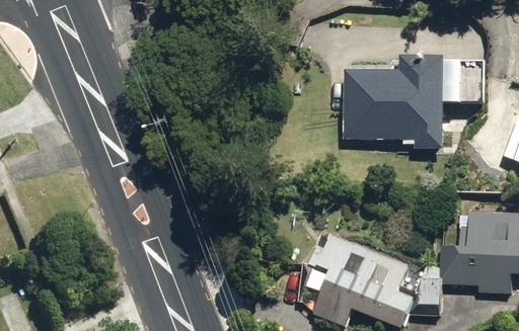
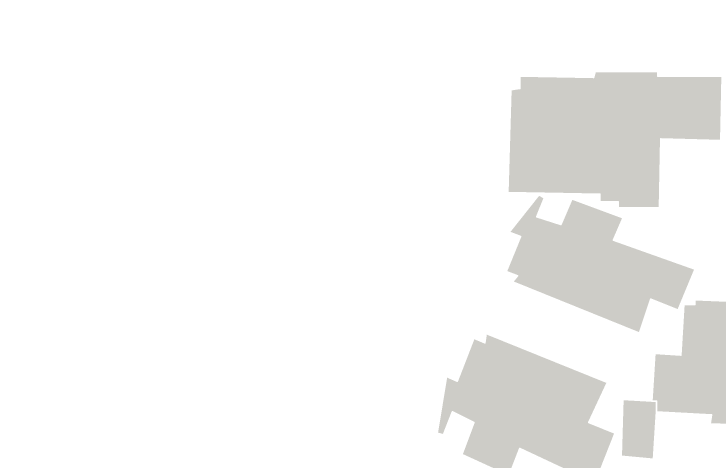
building: none -> [506,195,695,333]

